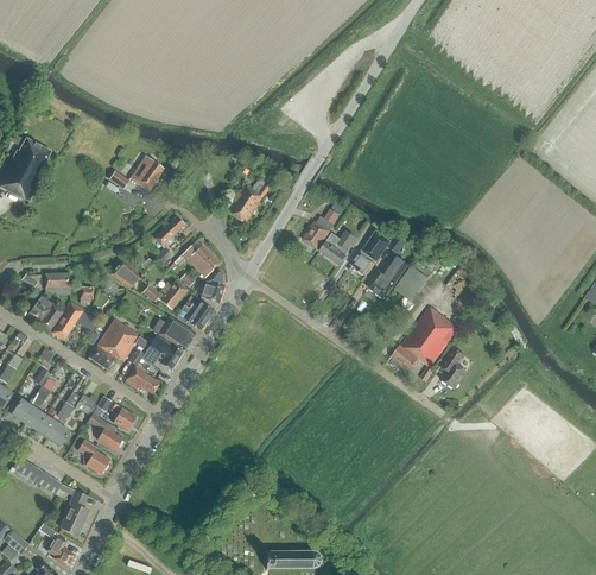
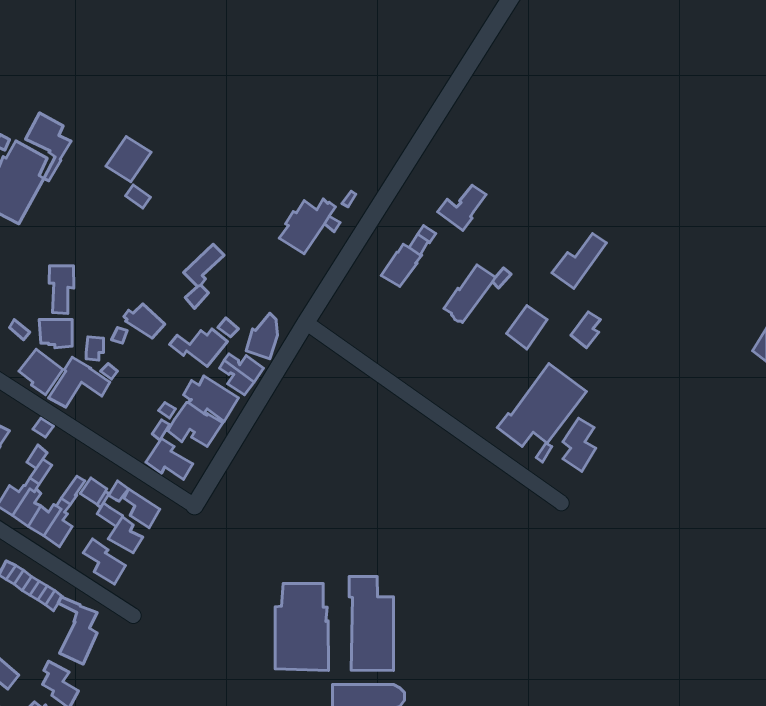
building: none -> [25,113,71,181]
building: [129,156,164,190] -> [106,136,151,182]
building: [319,230,356,265] -> [438,185,486,231]
building: none -> [49,266,74,314]
building: [180,245,220,277] -> none
building: [367,257,408,298] -> [552,234,607,288]
building: [89,318,137,368] -> none
building: none -> [349,576,394,670]
building: none -> [275,584,329,670]

